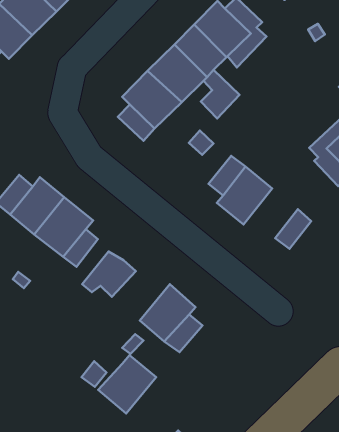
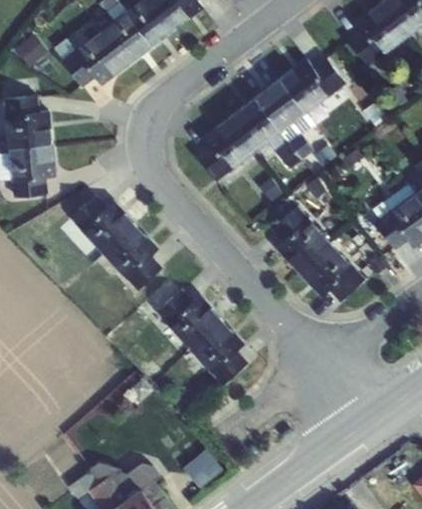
building: none -> [299,242,353,296]
building: [98,355,156,413] -> [166,294,222,348]

